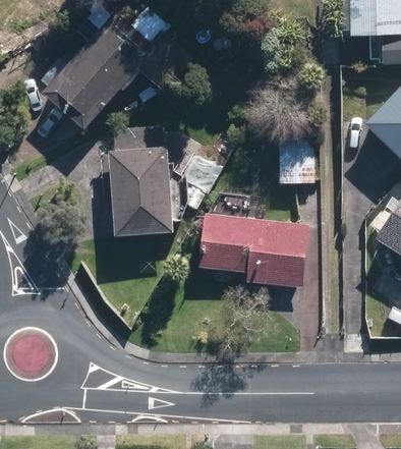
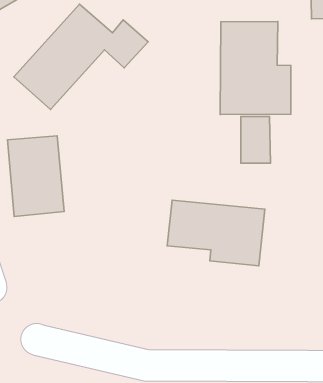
building: none -> [220,22,291,114]
building: [117,141,175,223] -> [7,136,64,217]

